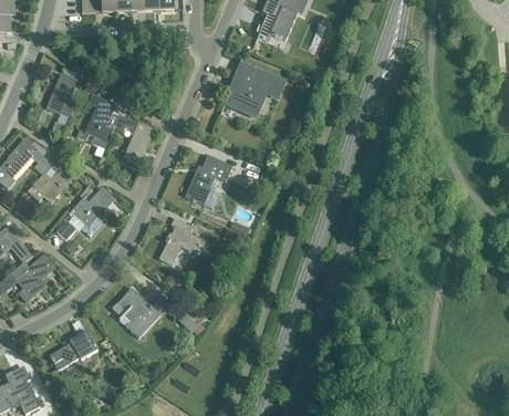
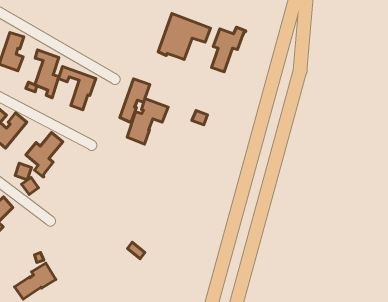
building: none -> [211,27,246,72]
building: none -> [120,79,150,123]
building: [159,217,202,264] -> none
building: [115,288,169,336] -> none

